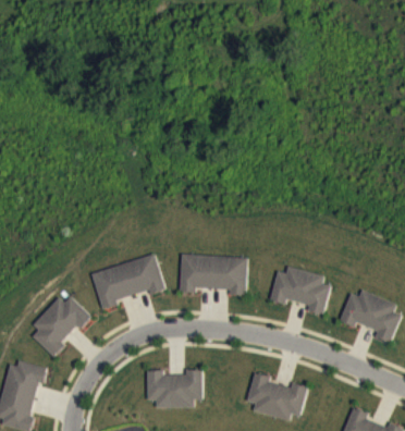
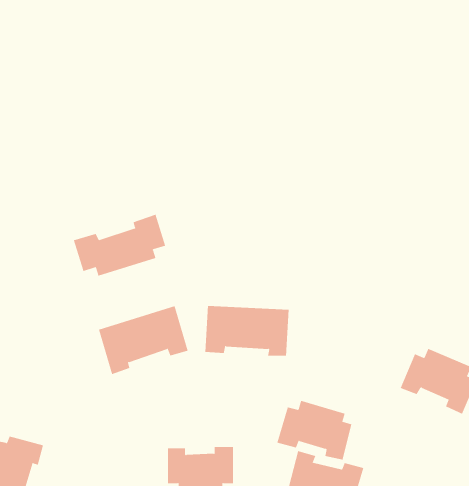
building: none -> [73,214,166,277]
building: [269,266,331,315] -> [277,400,352,460]
building: [32,296,93,357] -> none

